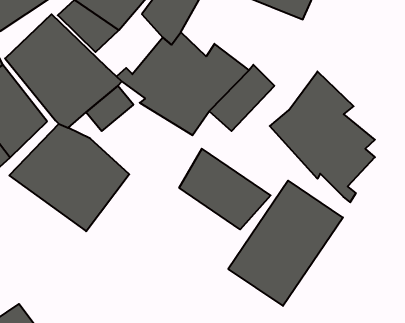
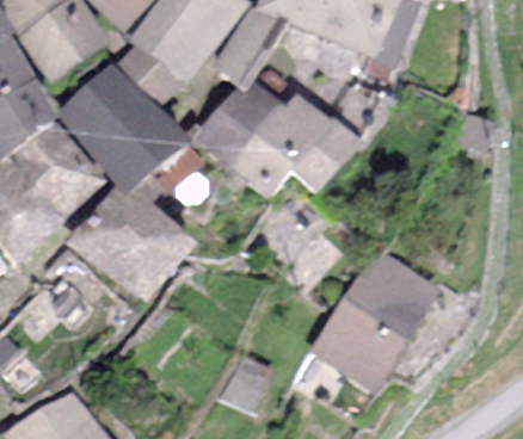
building: [270,71,375,202] -> none
building: [179,149,271,229] -> none

